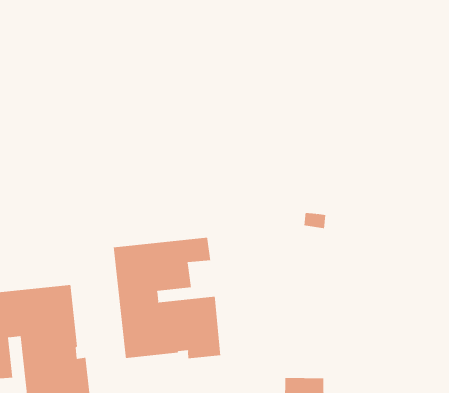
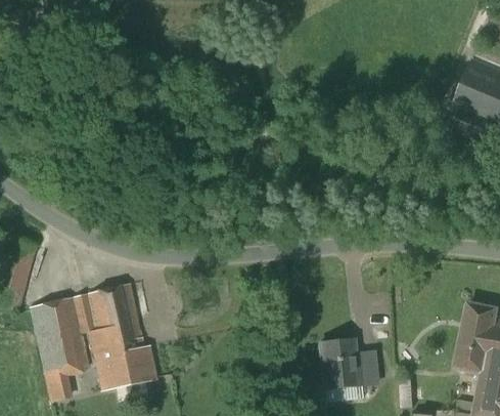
building: [113,237,221,359] -> none

